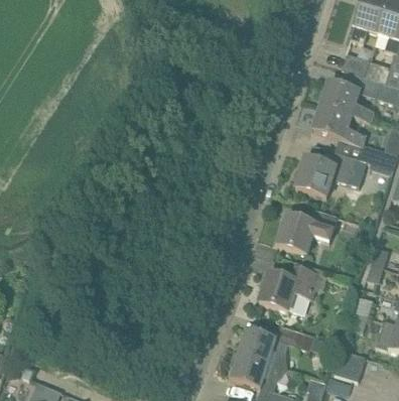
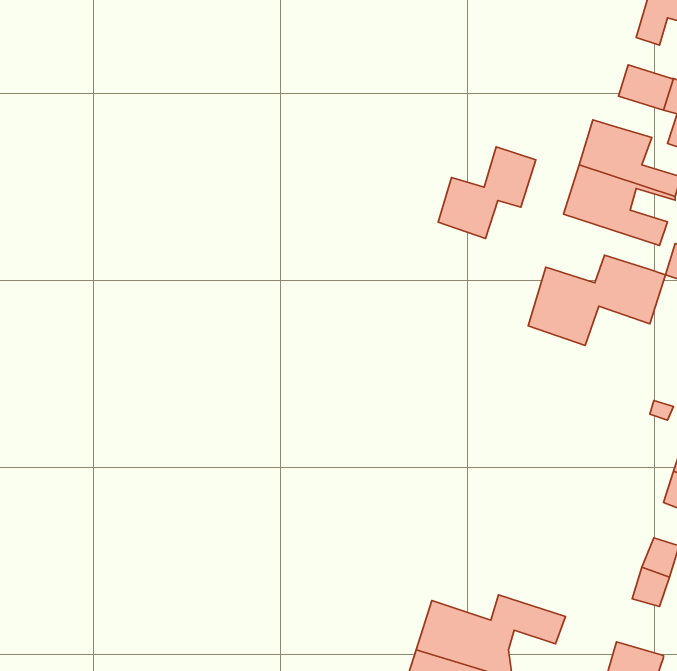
building: none -> [438,147,536,239]
building: [277,209,338,254] -> none
building: [259,267,318,314] -> none

